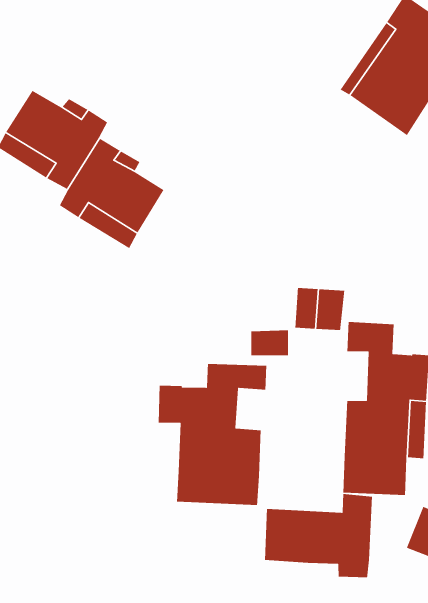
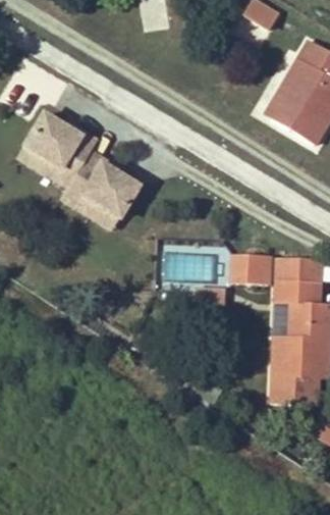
building: none -> [271,256,318,303]
building: [158,363,267,506] -> none
building: [264,493,373,578] -> none

